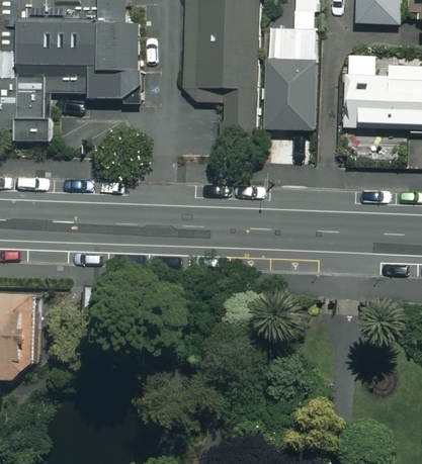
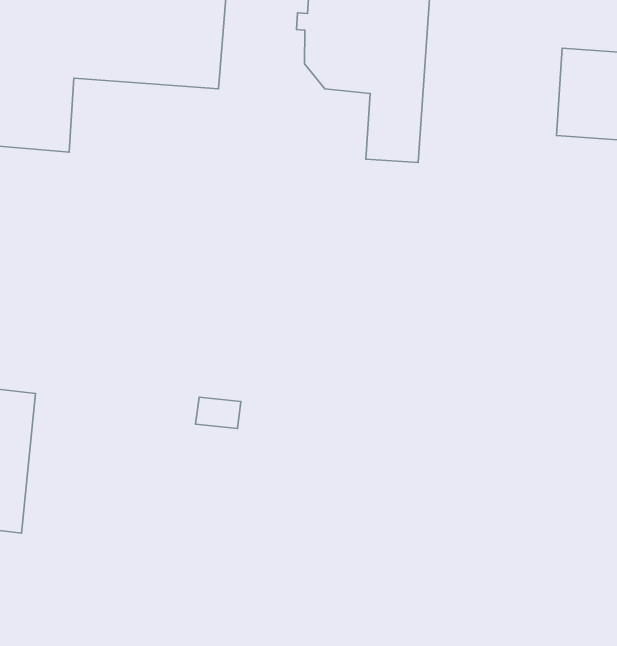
building: [267,52,313,129] -> none

